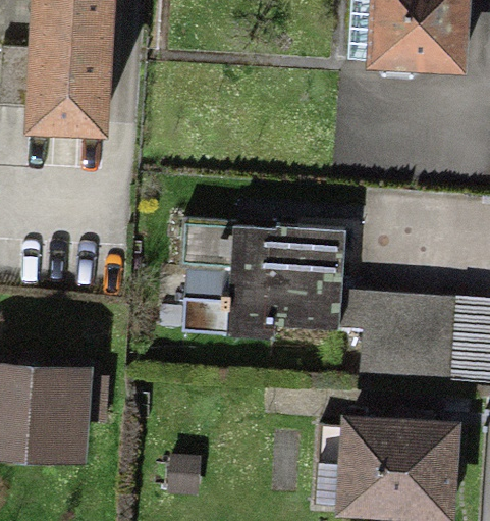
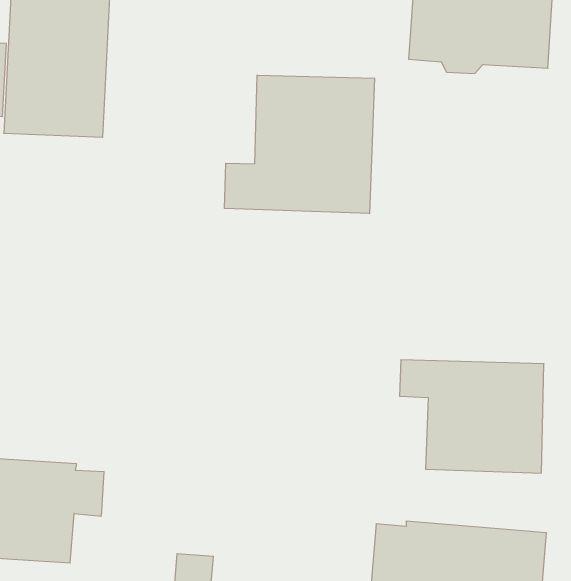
building: none -> [224,75,375,214]
building: [178,220,347,332] -> none

